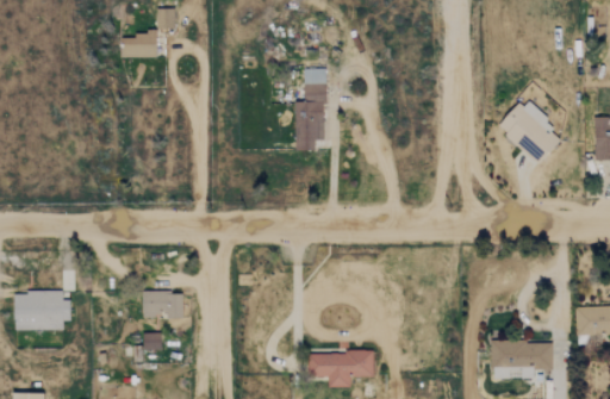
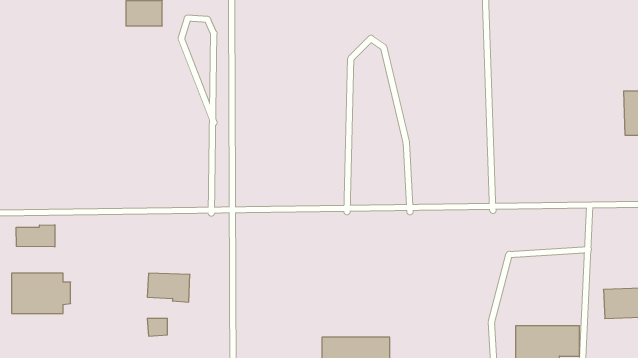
building: [295,68,325,150] -> none
building: [499,100,564,164] -> none
building: none -> [16,225,55,247]

